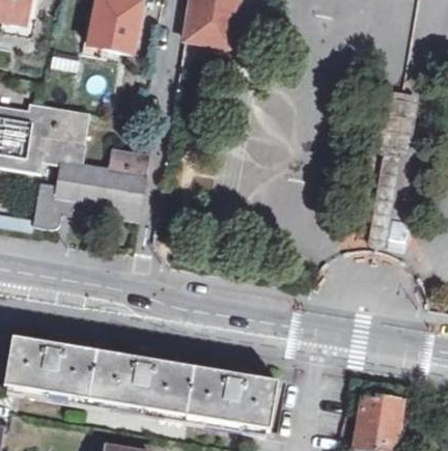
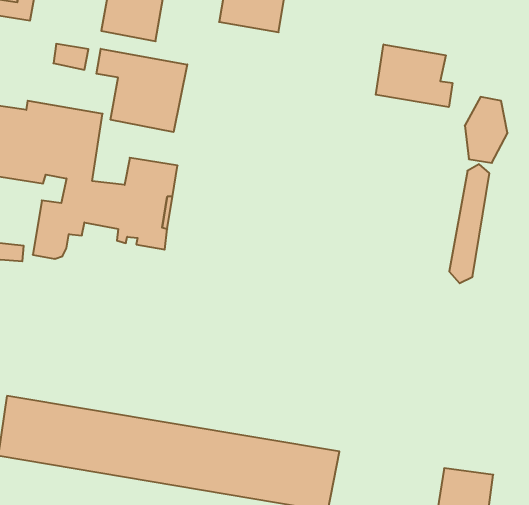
building: none -> [376,44,452,107]
building: none -> [96,49,187,132]

